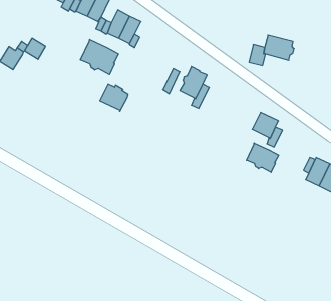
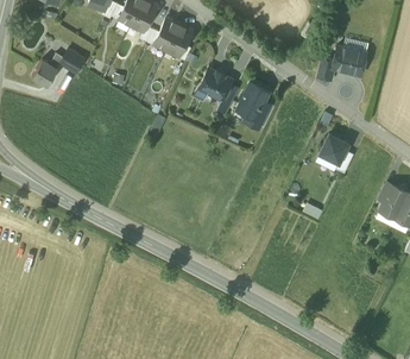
building: [80,39,118,74] -> none
building: [100,84,128,111] -> [198,69,231,100]
building: [247,143,279,172] -> none

